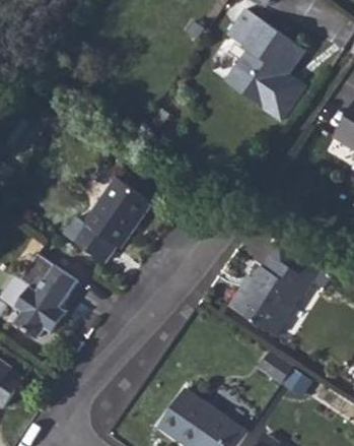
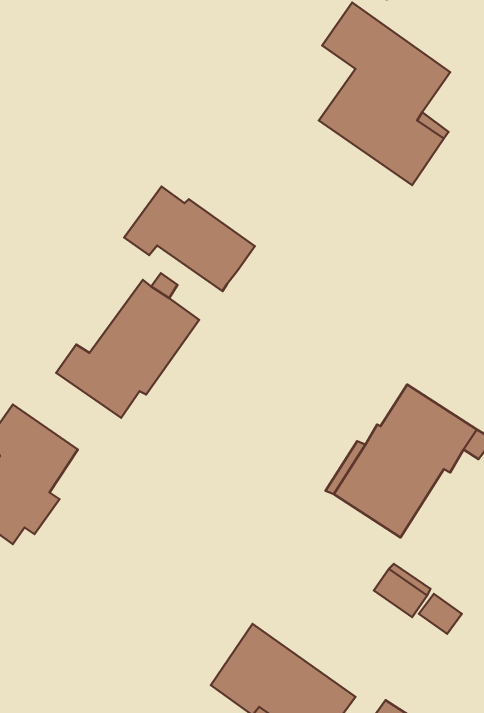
building: none -> [124,186,255,291]

